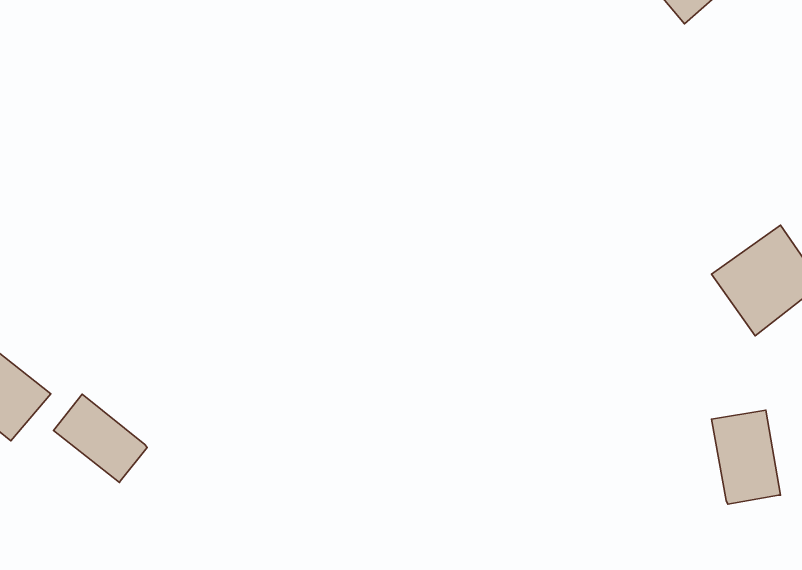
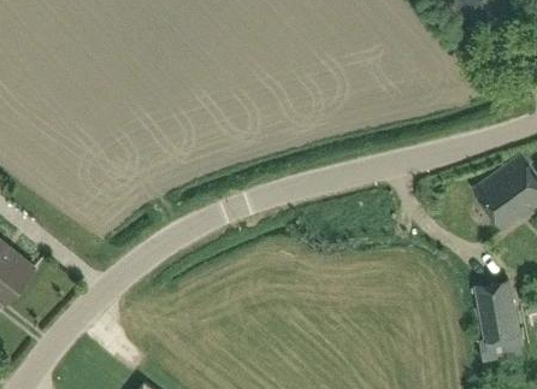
building: [54,394,147,483] -> none
building: none -> [477,336,521,360]

